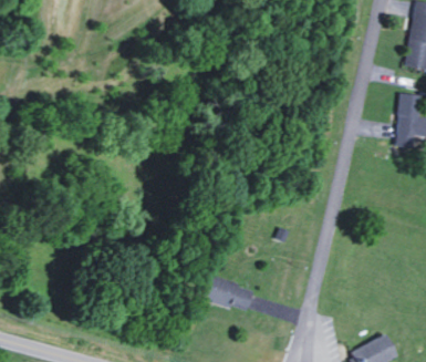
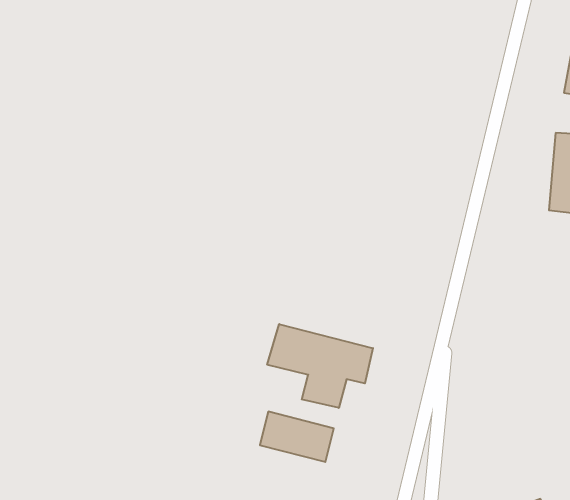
building: none -> [267,324,373,408]

